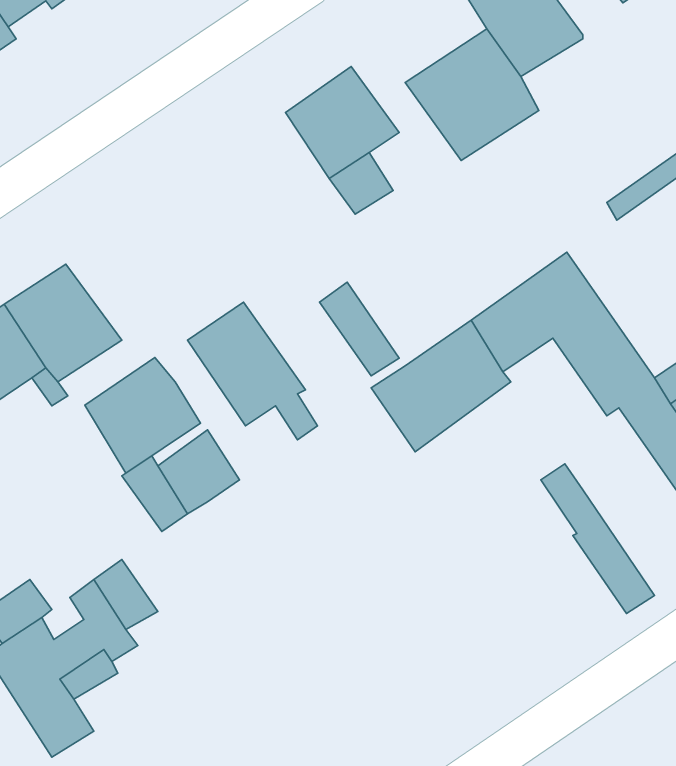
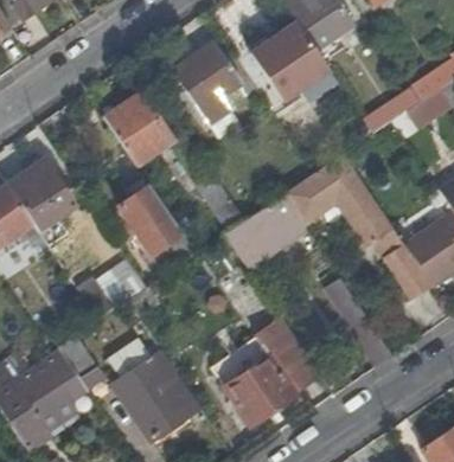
building: none -> [103,91,173,165]
building: [85,357,201,473] -> none
building: none -> [211,319,320,422]
building: none -> [114,342,202,442]

